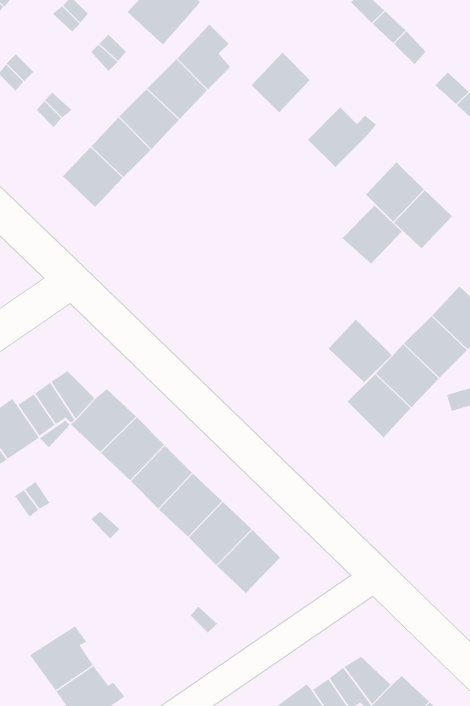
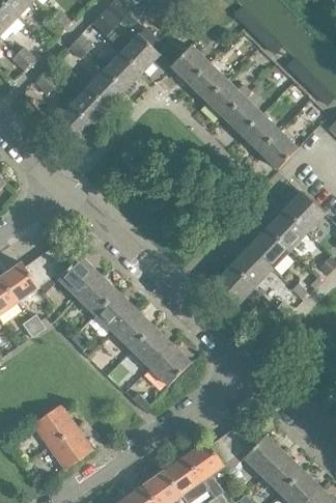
building: none -> [188,63,226,101]
building: [341,205,403,265] -> [223,97,261,135]
building: [328,319,392,383] -> [213,264,253,305]

